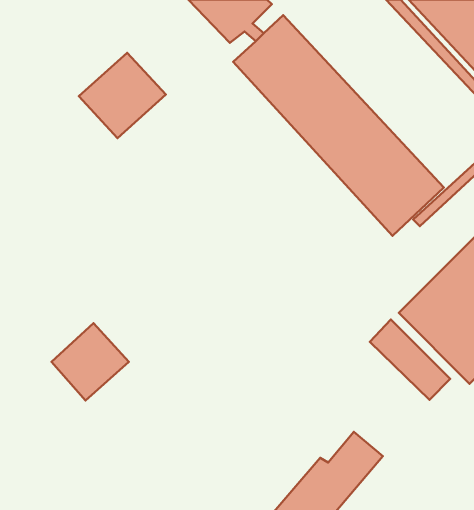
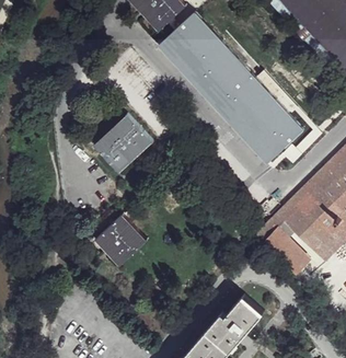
building: [79,53,166,138] -> [95,115,154,173]
building: [52,323,129,400] -> [95,215,148,267]

